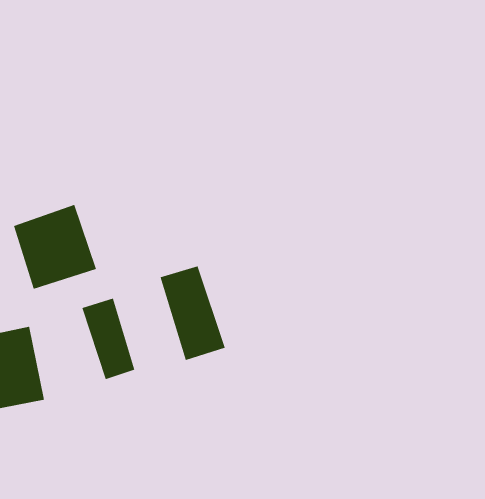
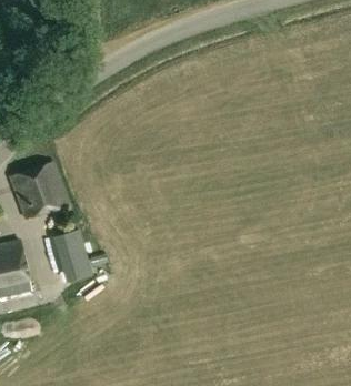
building: [160,265,225,361] -> none

